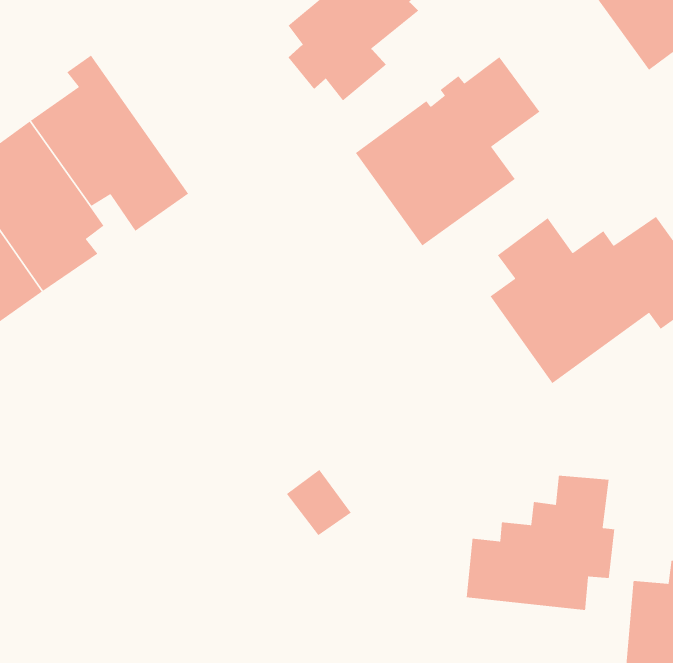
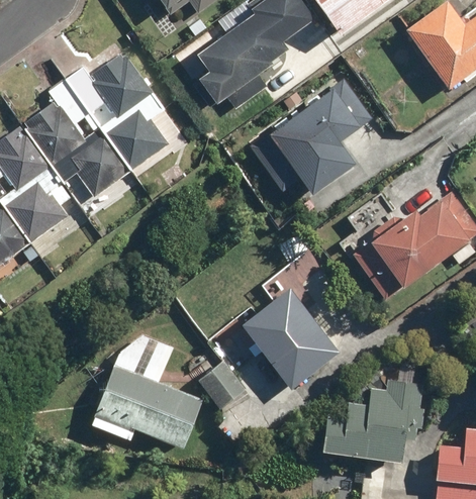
building: none -> [64,53,170,174]
building: none -> [233,249,340,387]
building: none -> [92,366,204,447]

